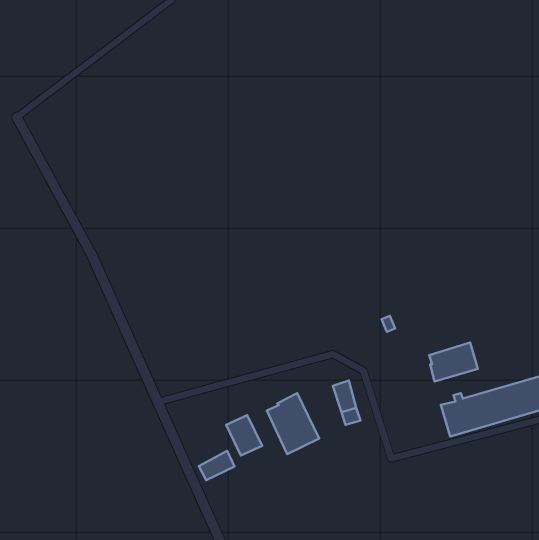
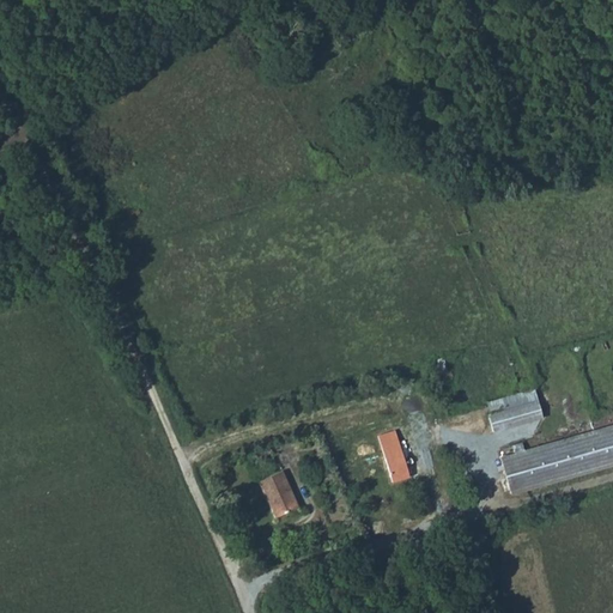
building: [267,393,319,454] -> none
building: [199,451,235,480] -> none

